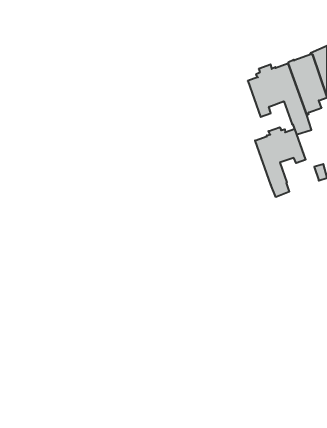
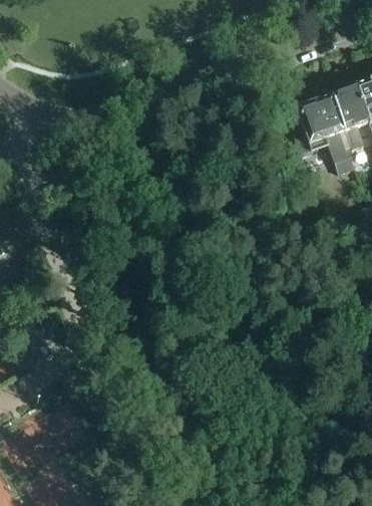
building: [255,127,306,197] -> none

